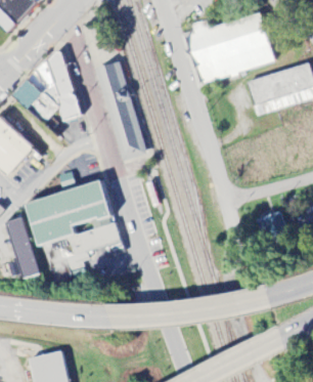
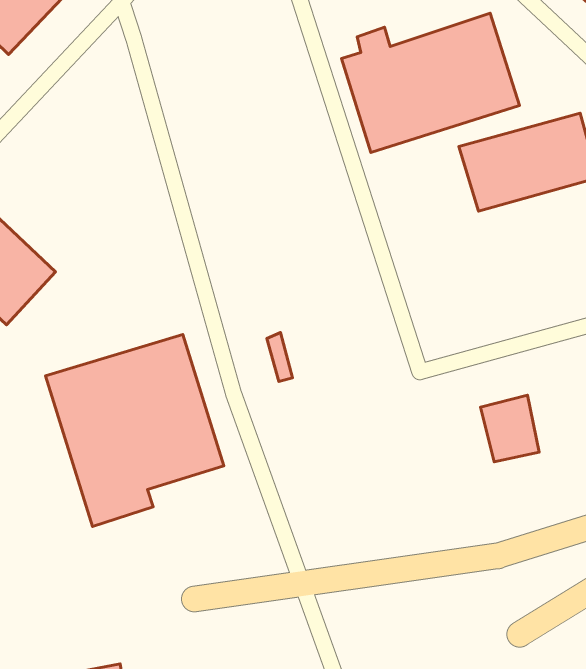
building: [16,51,82,120] -> none
building: [96,57,146,160] -> none
building: [11,216,42,278] -> none

